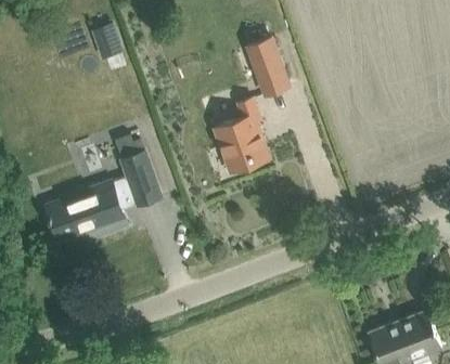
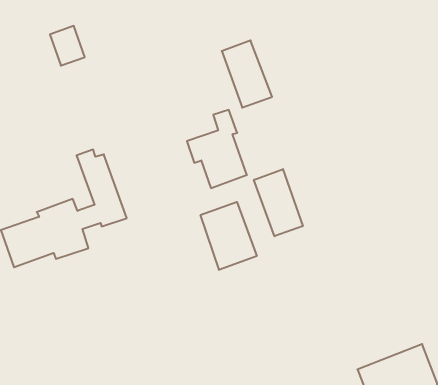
building: none -> [254,169,303,236]
building: none -> [201,202,257,270]

